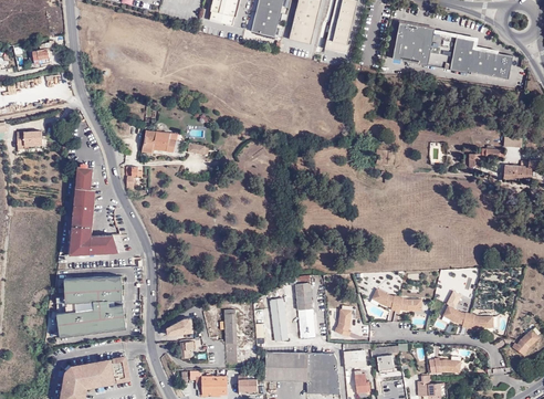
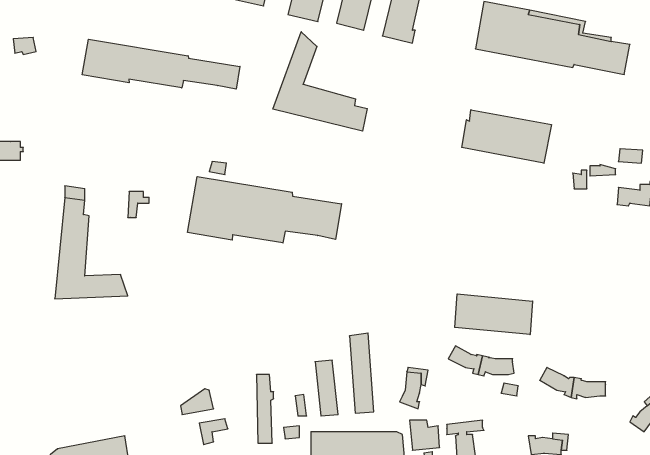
building: none -> [273,32,367,131]
building: none -> [82,39,240,89]
building: none -> [462,110,551,163]
building: [142,130,176,154] -> none
building: none -> [188,177,342,243]
building: none -> [455,294,533,335]
building: [57,277,126,339] -> none

